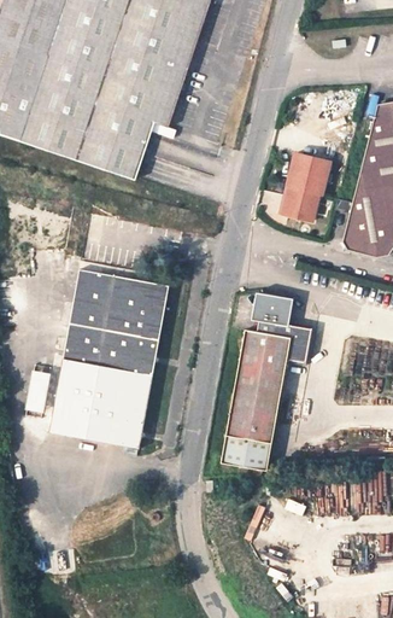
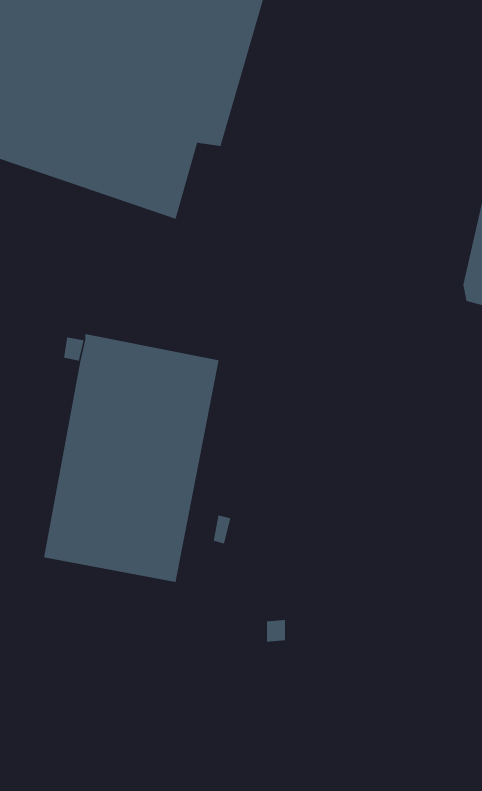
building: [286,157,333,226] -> none
building: [222,291,310,471] -> none

